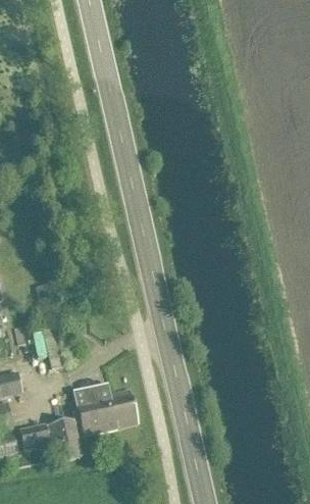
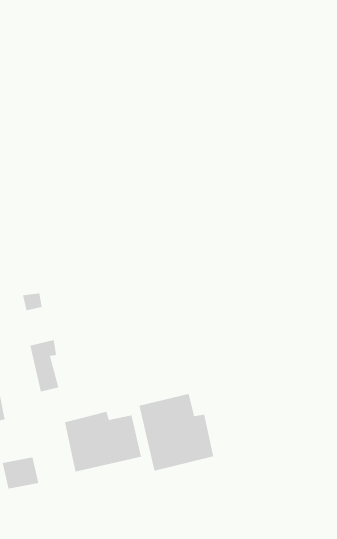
building: none -> [139,393,214,472]
building: [51,420,81,459] -> none

